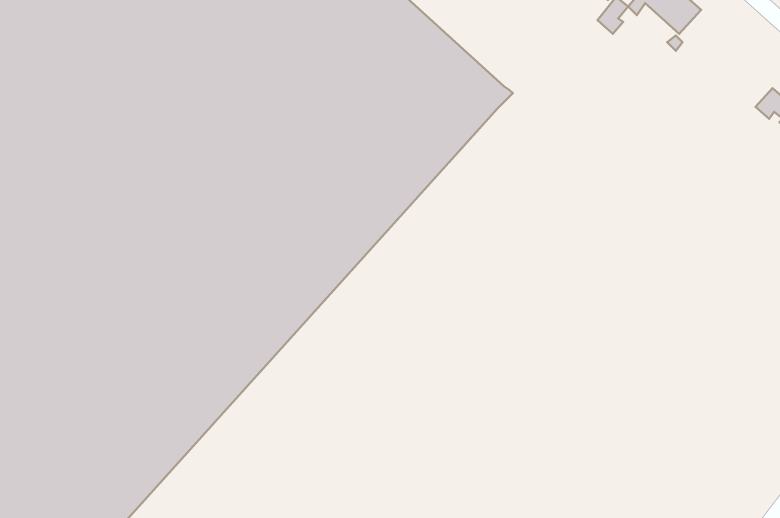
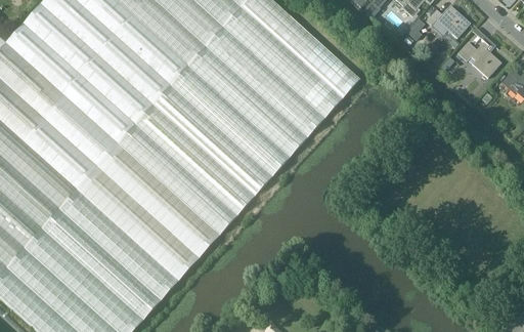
building: none -> [458,41,500,79]

